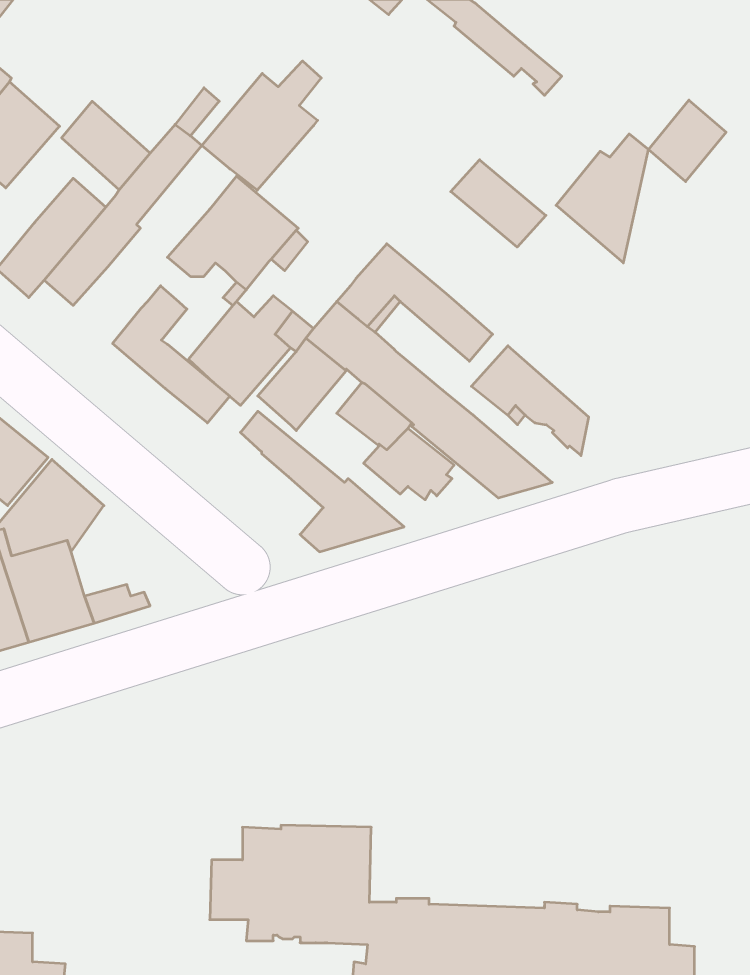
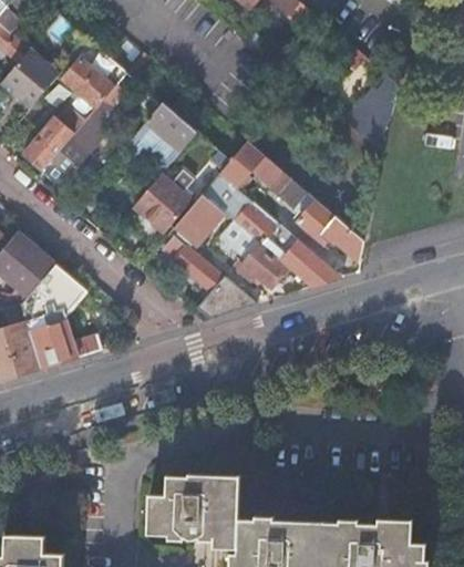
building: [202,61,321,190] -> none
building: [648,100,726,182] -> none
building: [451,160,546,247] -> none
building: [113,286,230,423] -> none

